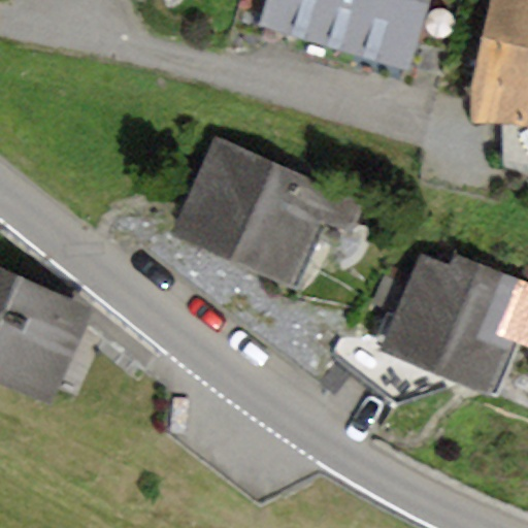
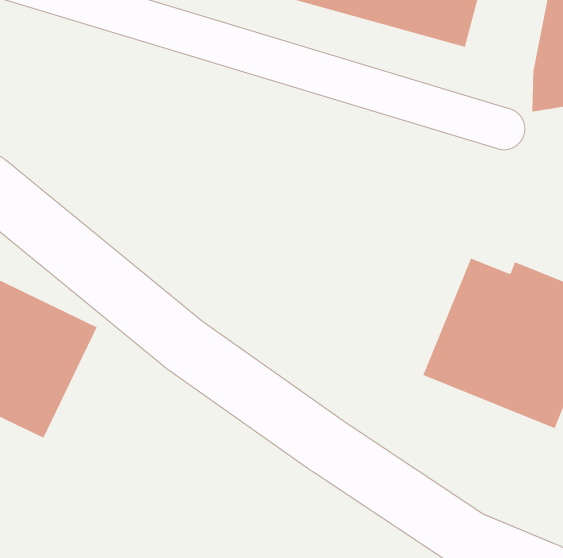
building: [174,136,369,285] -> none

